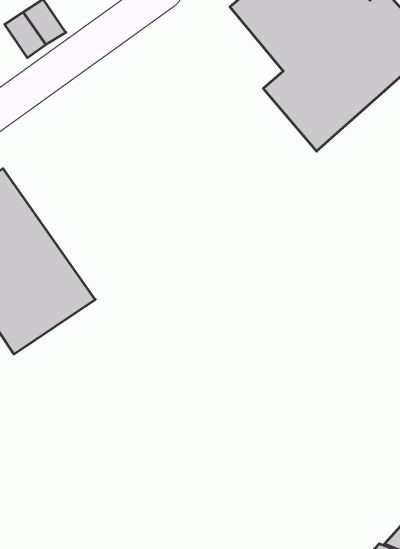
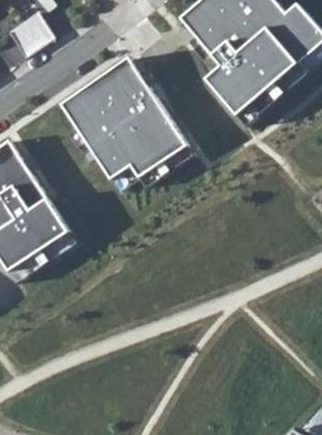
building: none -> [61,57,193,191]

